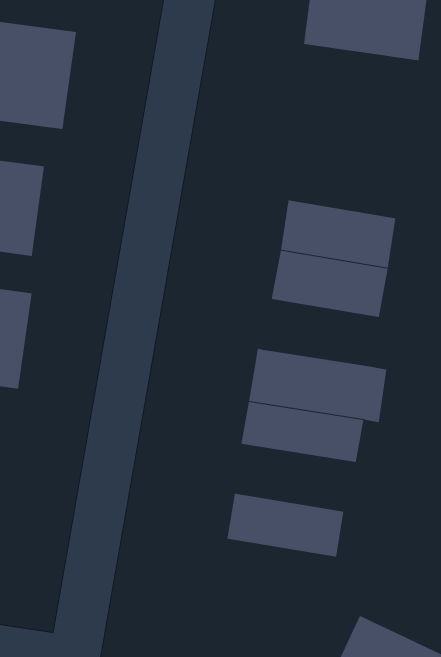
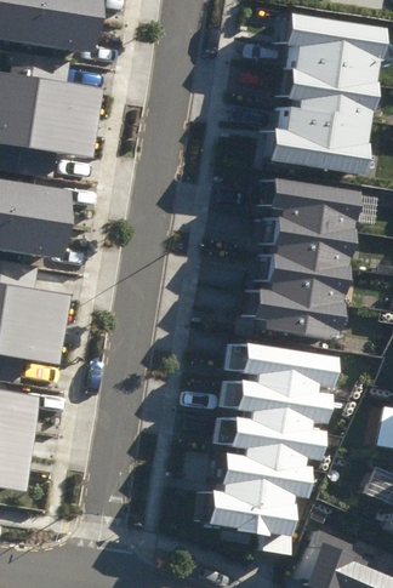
building: none -> [268,91,371,176]
building: none -> [267,176,359,229]
building: none -> [247,293,340,347]
building: none -> [224,409,321,462]
building: none -> [199,481,291,537]

